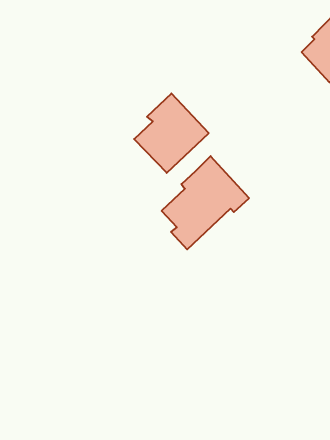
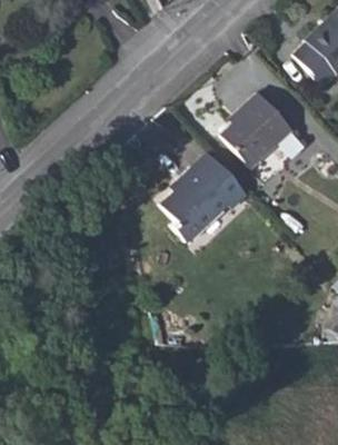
building: [134,93,209,173] -> [221,90,292,166]

